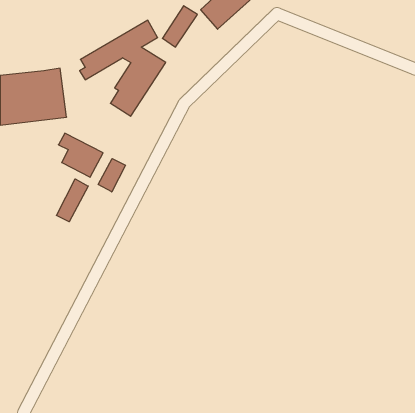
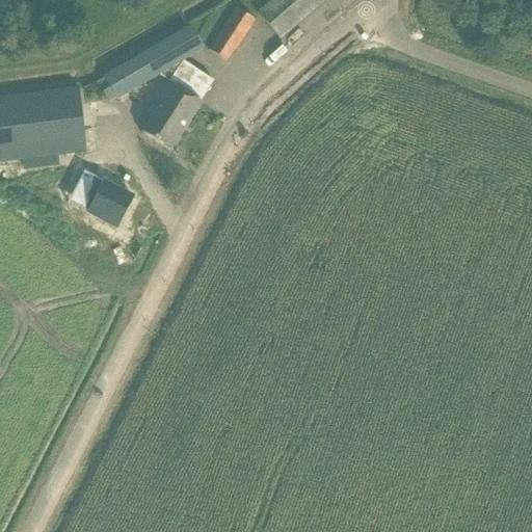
building: [98,159,125,192] -> none
building: [56,179,88,222] -> none

